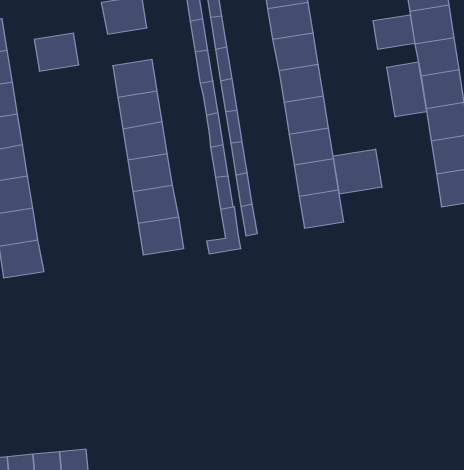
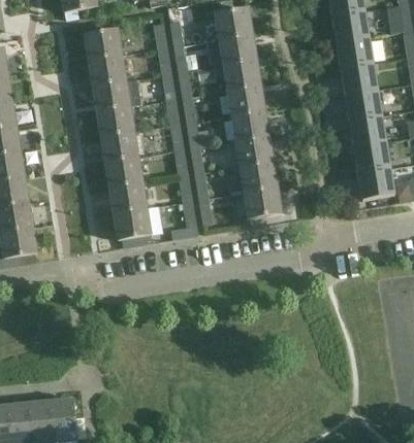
building: [373,15,415,49] -> none
building: [34,33,79,71] -> [90,55,126,86]
building: [387,62,427,117] -> none
building: [333,149,382,194] -> none

